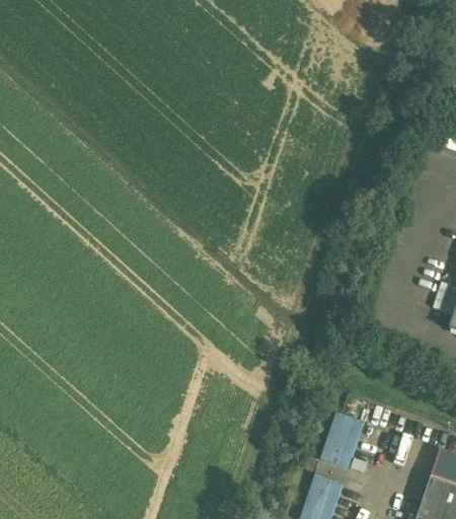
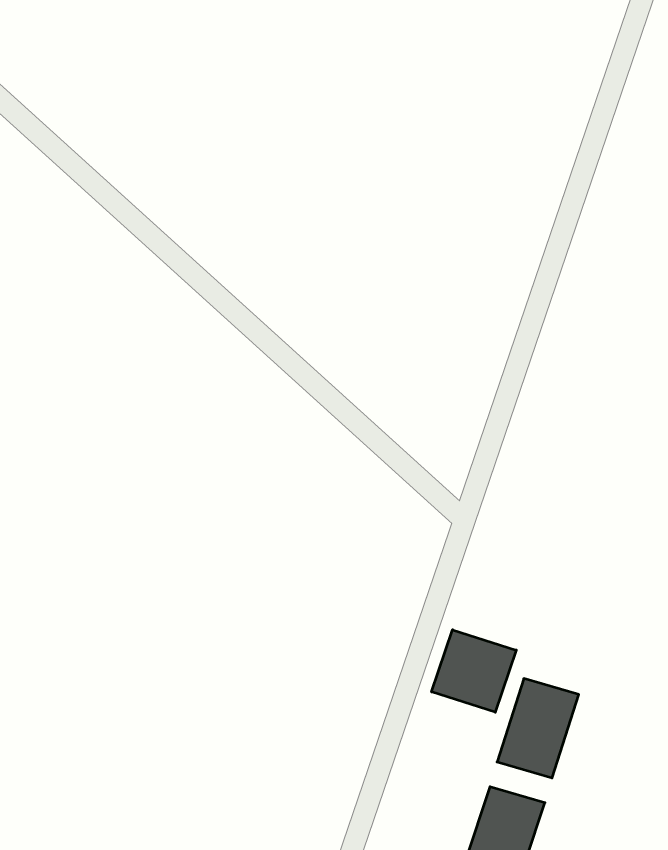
building: none -> [432,630,516,712]

